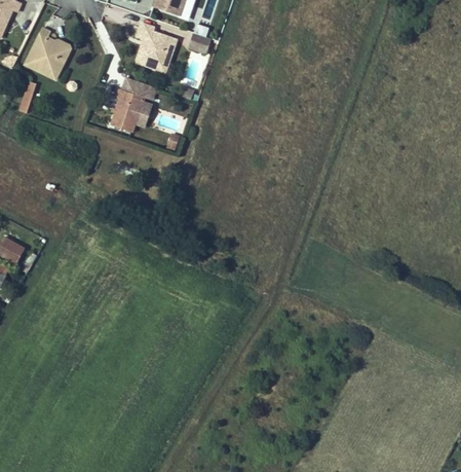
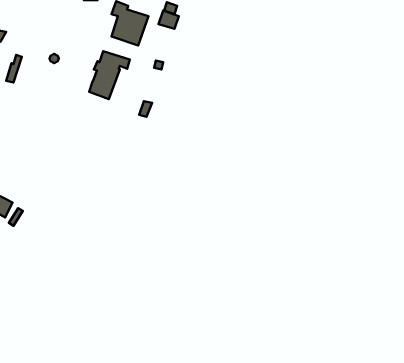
building: [25,29,71,80] -> none

